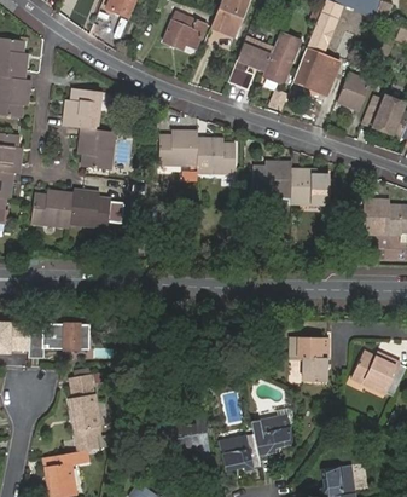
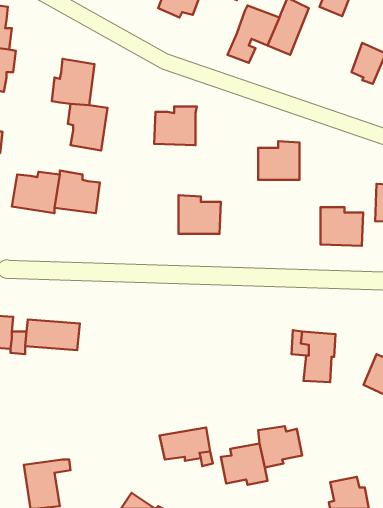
building: [292,48,339,96] -> none
building: [197,137,236,172] -> [178,195,221,234]
building: [291,171,330,206] -> [321,207,363,246]
building: [69,374,100,451] -> none

